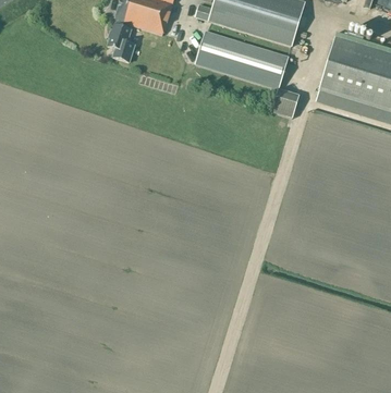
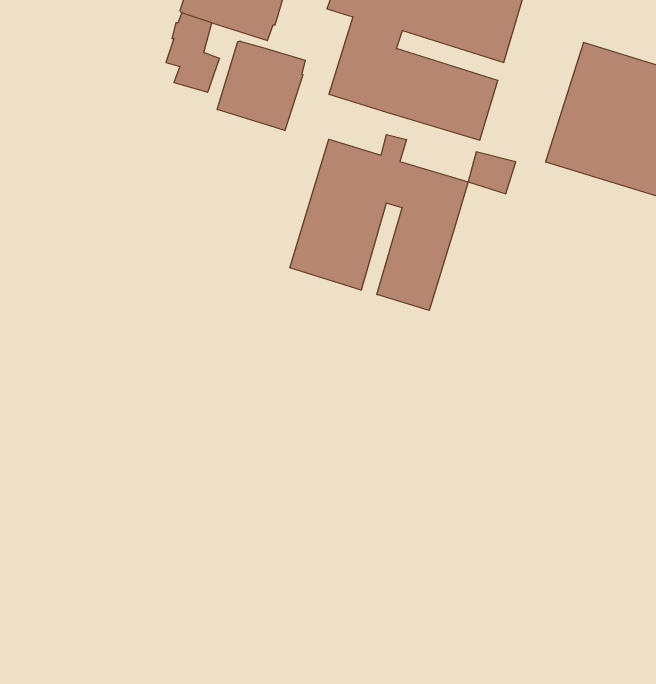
building: none -> [217,41,305,131]
building: none -> [290,135,468,310]

